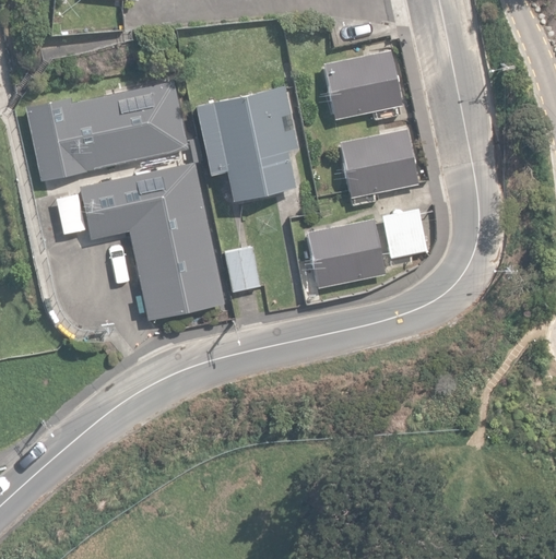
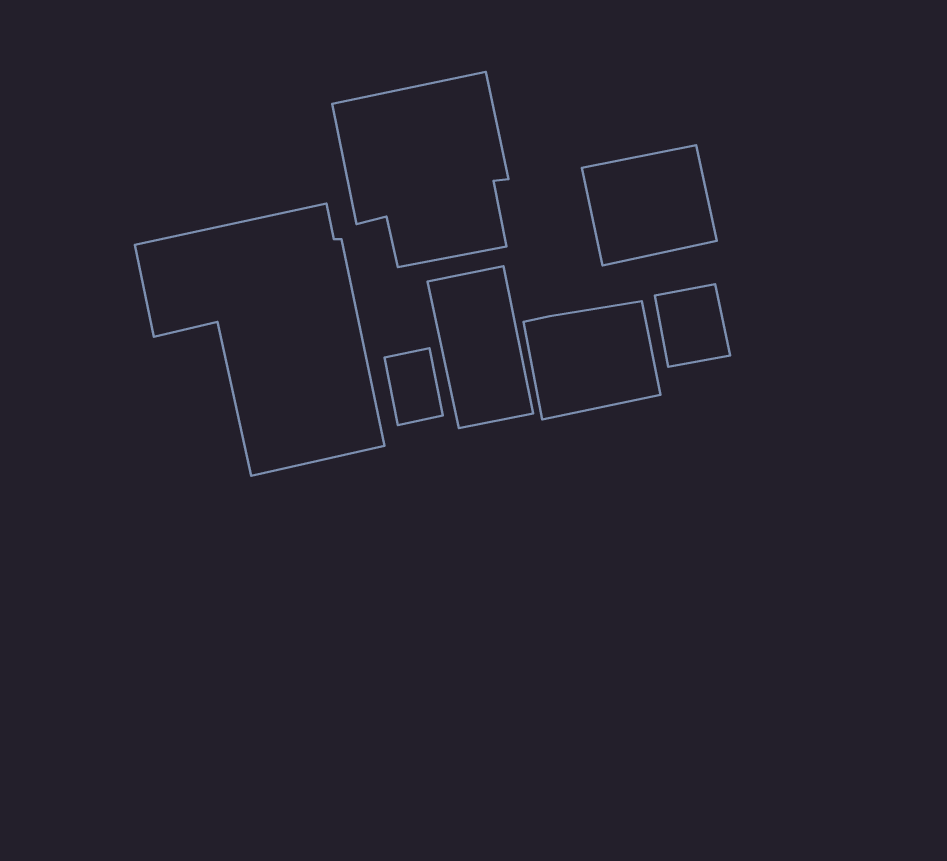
building: [323,51,402,120] -> none
building: [25,82,189,182] -> none
building: none -> [428,266,533,428]

